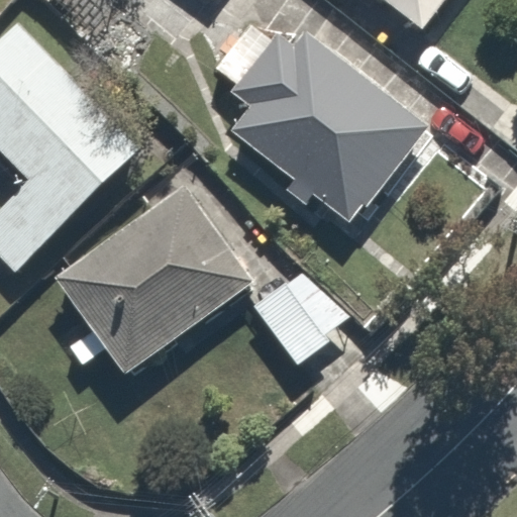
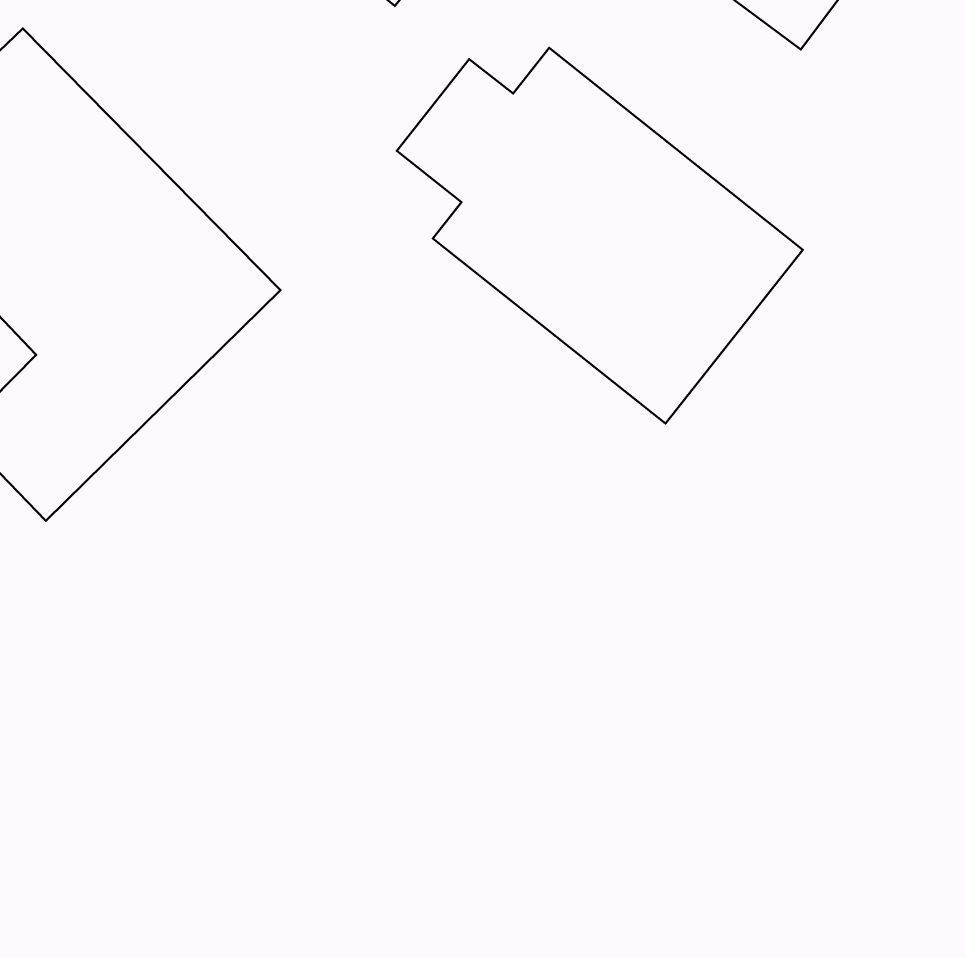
building: [55,185,252,373] -> none
building: [248,261,353,369] -> none

